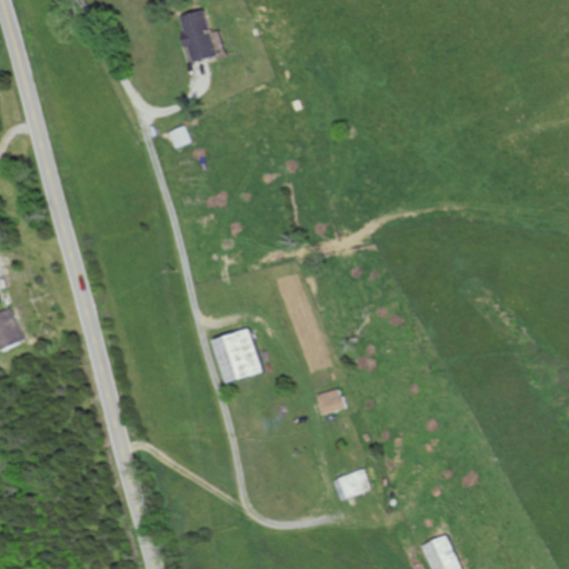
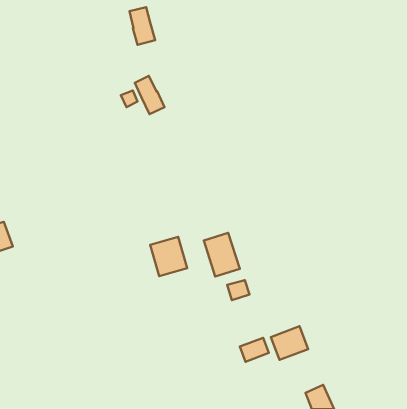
building: none -> [135,76,164,114]
building: none -> [204,233,240,277]
building: none -> [271,326,308,360]

